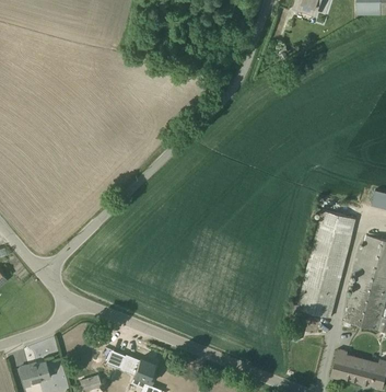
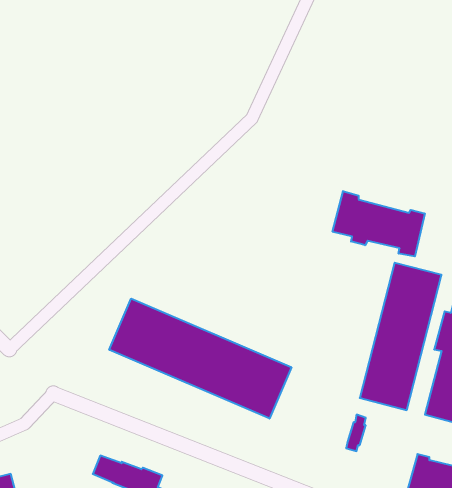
building: none -> [333,191,425,256]
building: none -> [109,299,291,419]

